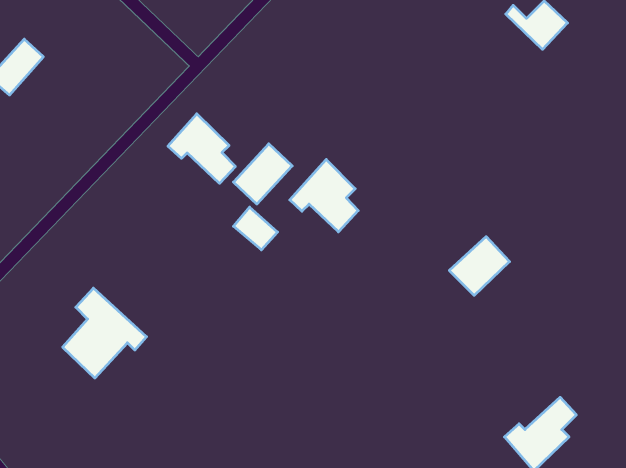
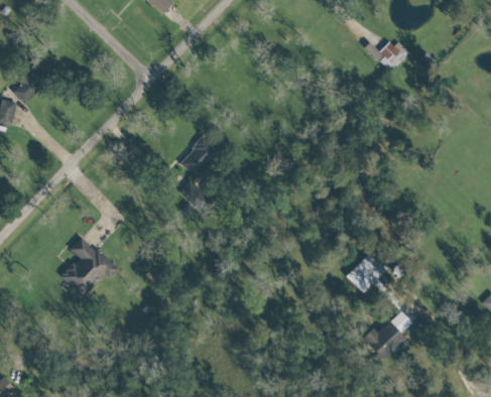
building: [168,114,235,183] -> none
building: [290,159,358,232] -> none
building: [449,237,510,295] -> [346,252,387,292]

